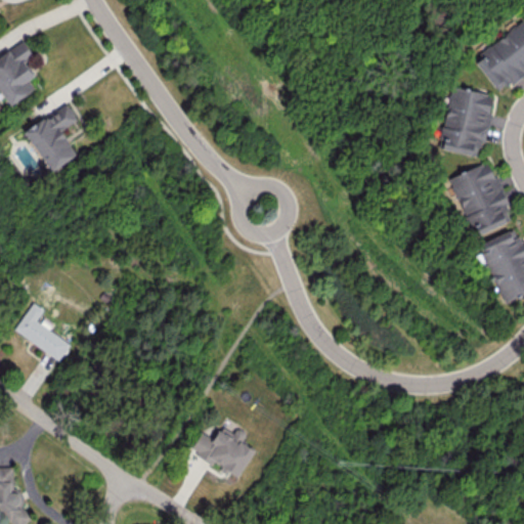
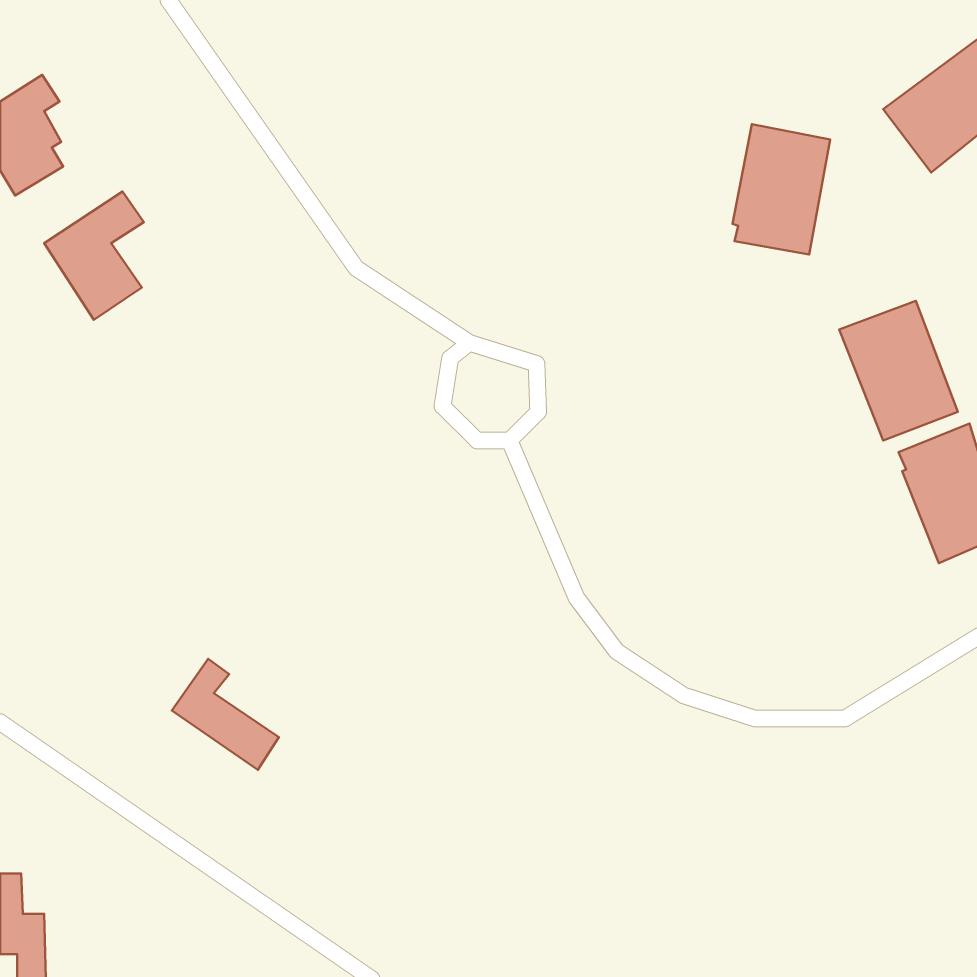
building: [440,87,492,157] -> [733,124,830,255]
building: [13,302,71,361] -> [172,659,279,770]
building: [190,425,254,477] -> none

